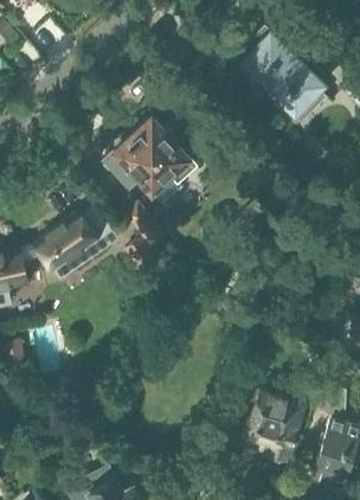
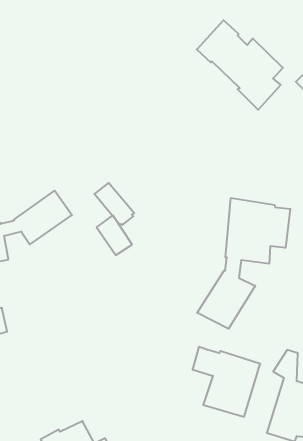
building: [102,116,197,194] -> none
building: none -> [197,198,290,329]

